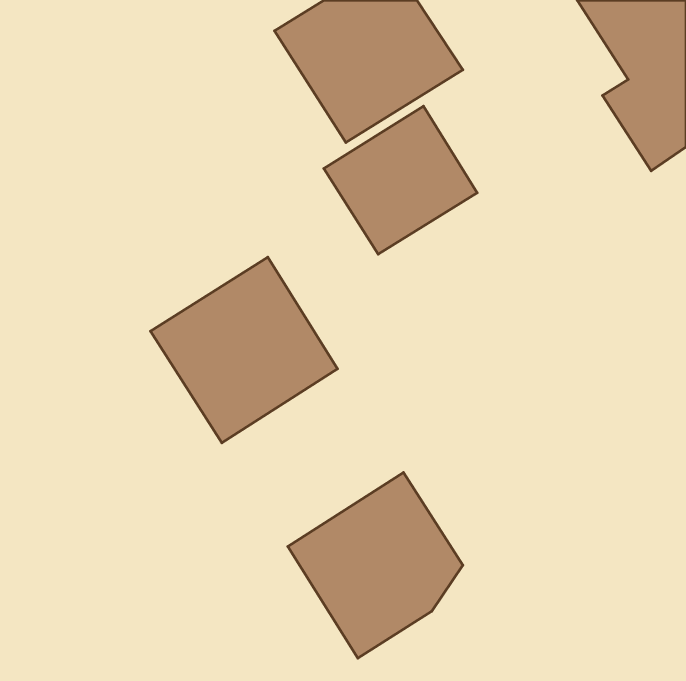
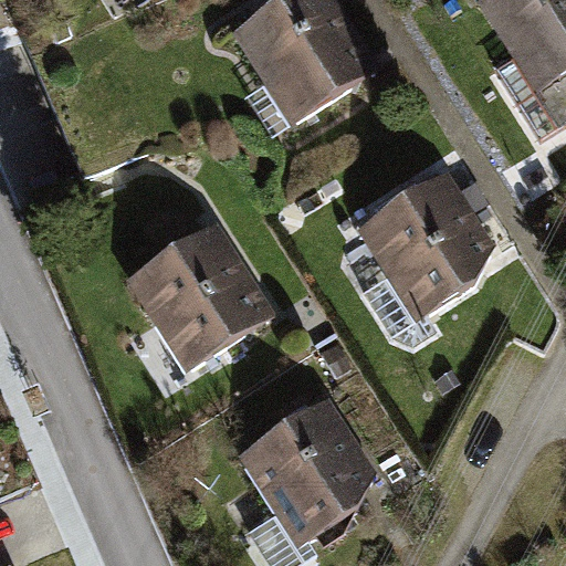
building: [324,106,477,254] -> none
building: none -> [353,164,506,356]

